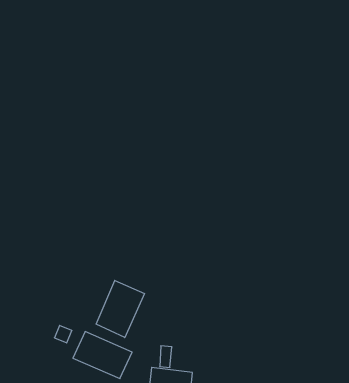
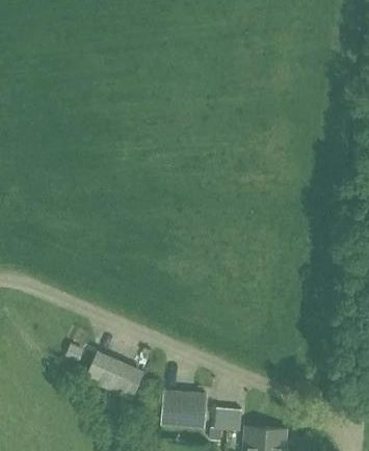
building: [96,280,145,338] -> none

